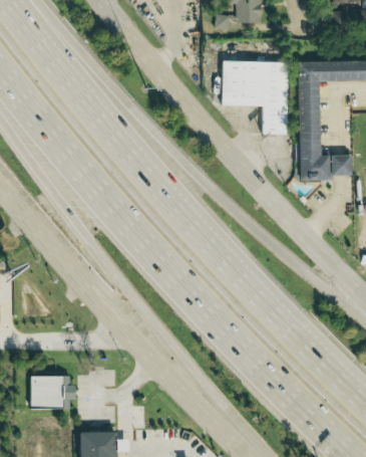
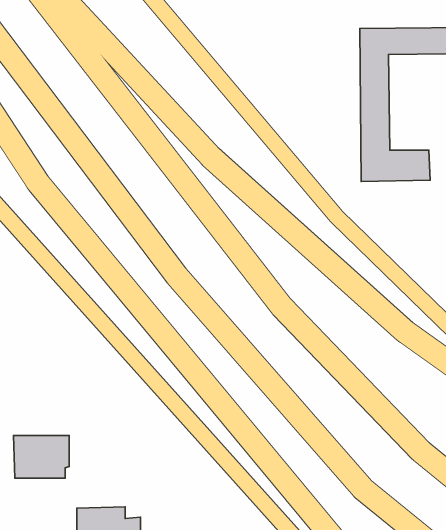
building: [221,62,286,135] -> none

